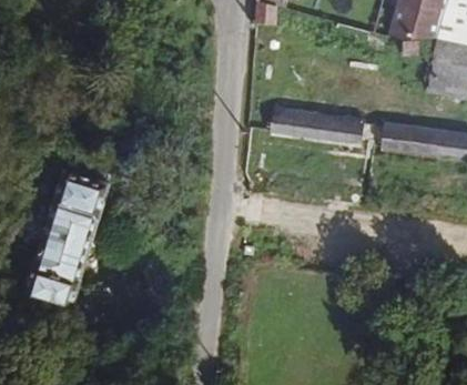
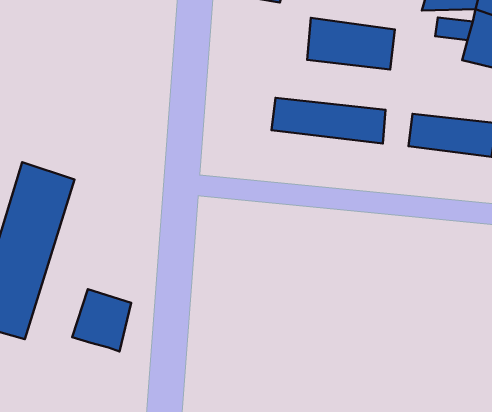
building: none -> [307,18,395,69]
building: none -> [72,289,131,352]

